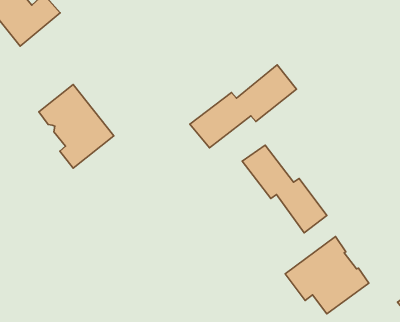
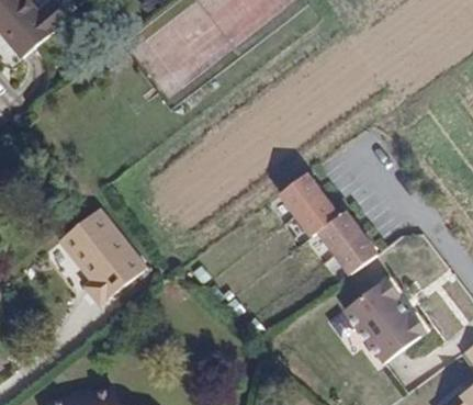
building: [190,65,296,148] -> none
building: [39,84,114,168] -> [56,209,143,305]

